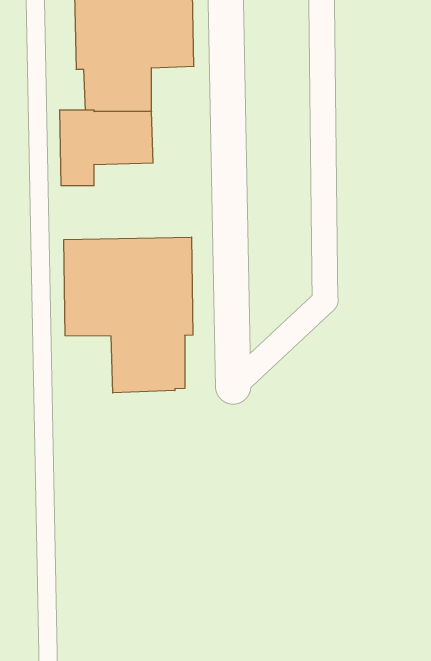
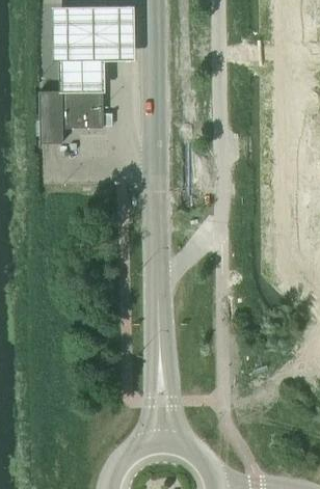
building: [64,237,193,393] -> none

